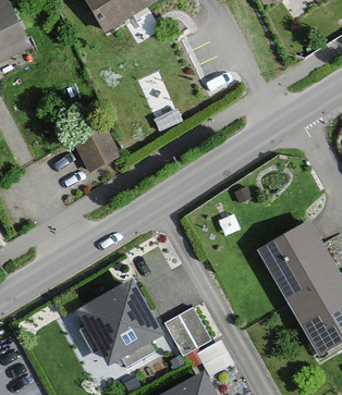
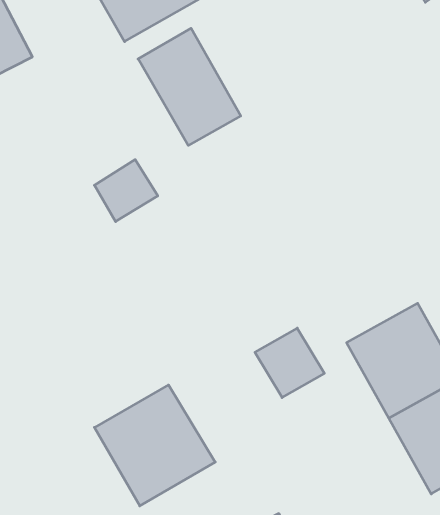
building: none -> [138,28,241,145]
building: [159,305,209,355] -> [255,328,324,398]

